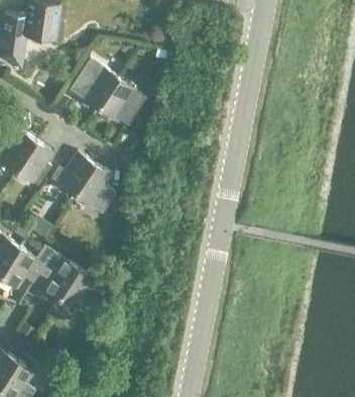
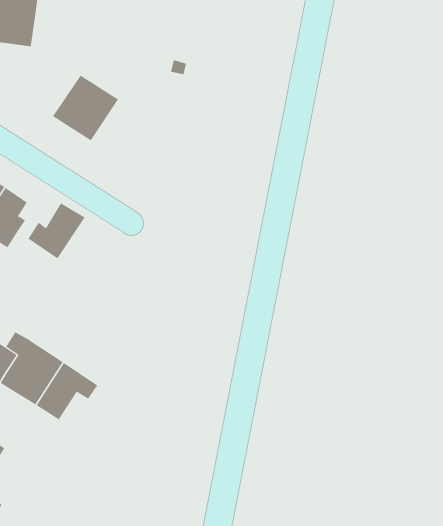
building: [99,78,146,126] -> none
building: [75,164,116,212] -> none

